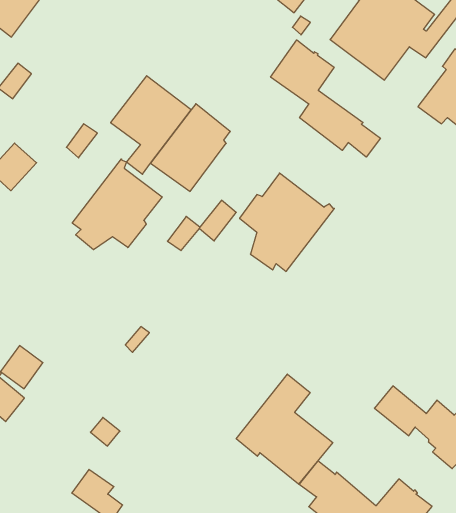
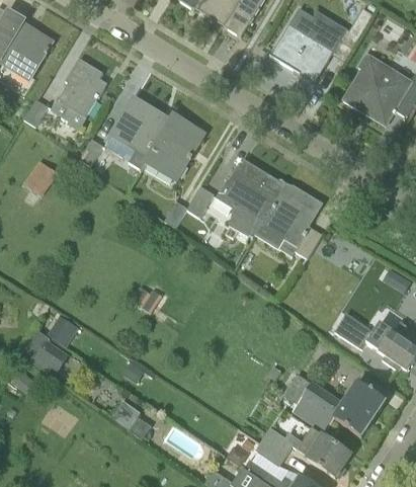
building: none -> [53,57,104,125]
building: [271,40,380,157] -> none
building: [72,159,162,250] -> none
building: none -> [256,182,322,258]
building: [236,374,333,484] -> none

